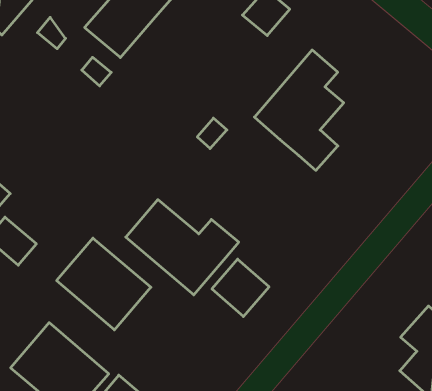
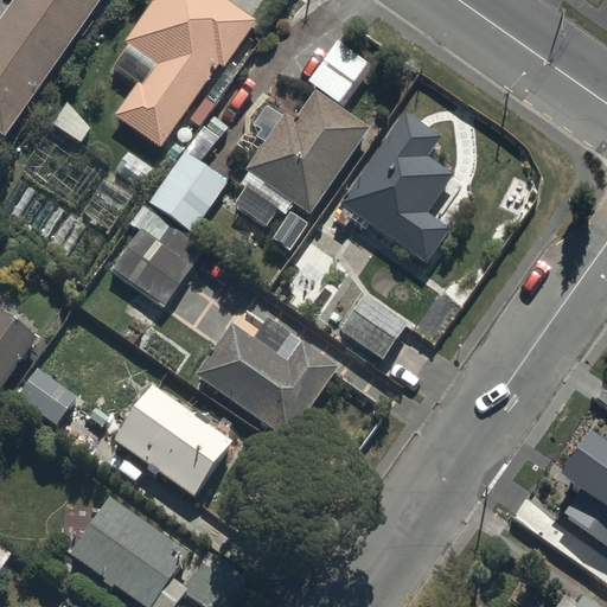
building: none -> [242,89,370,215]
building: none -> [147,148,228,232]
building: none -> [110,215,200,304]
building: [212,259,269,317] -> [338,288,410,360]

